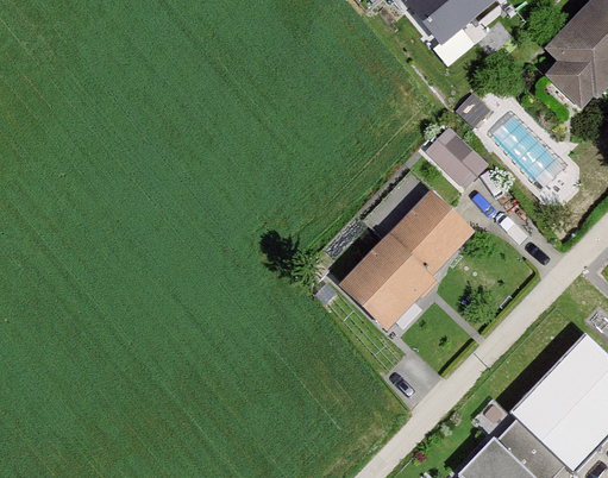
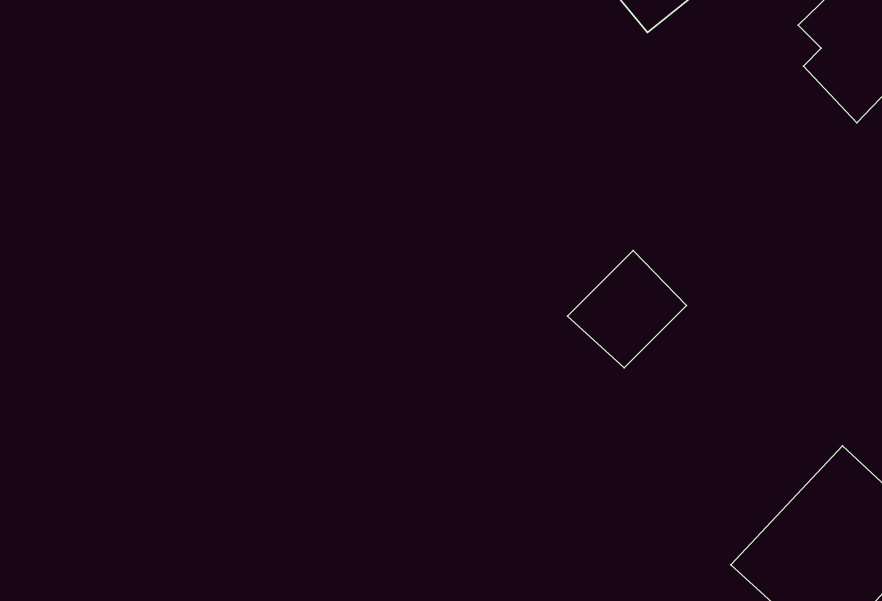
building: [431,128,495,194] -> none
building: [337,235,437,333] -> none

